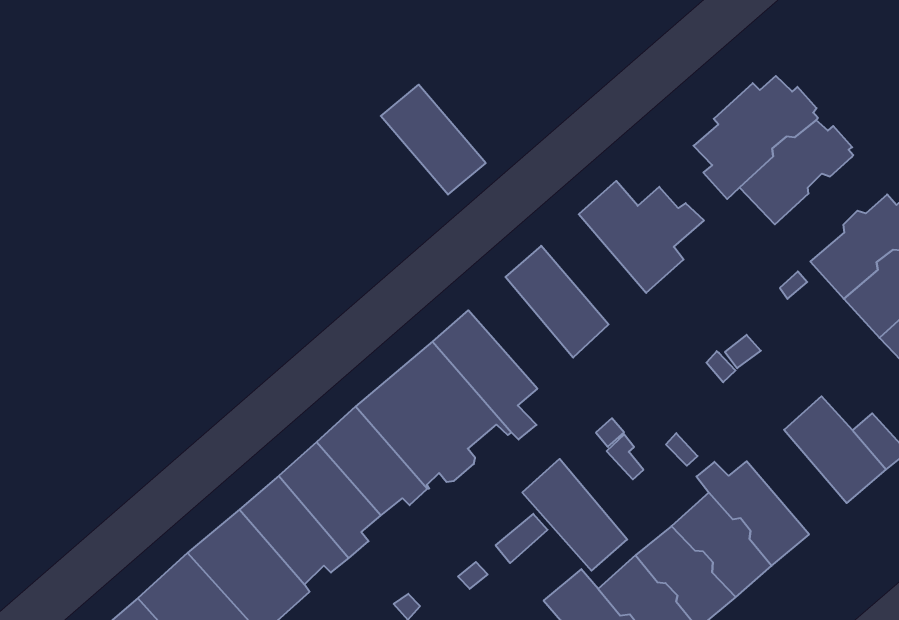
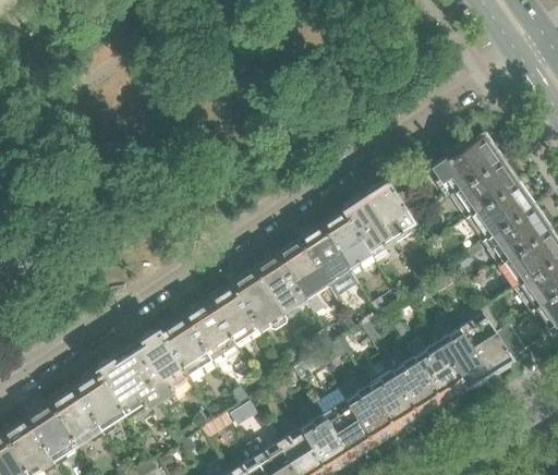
building: [381,85,486,195] -> [342,196,396,258]
building: none -> [471,186,535,240]
building: none -> [437,329,488,388]
building: [522,459,627,571] -> [298,224,351,288]

